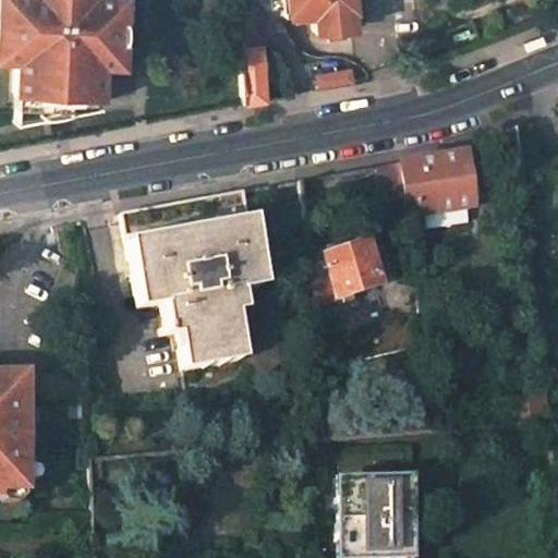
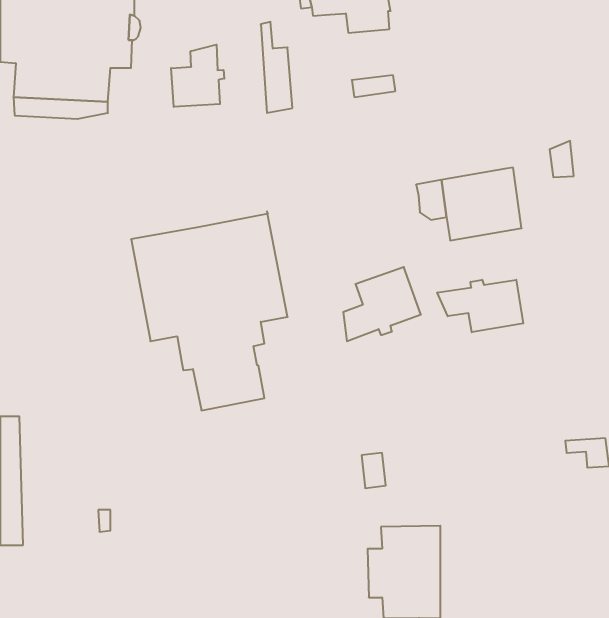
building: none -> [171,45,224,107]
building: none -> [437,280,523,332]

